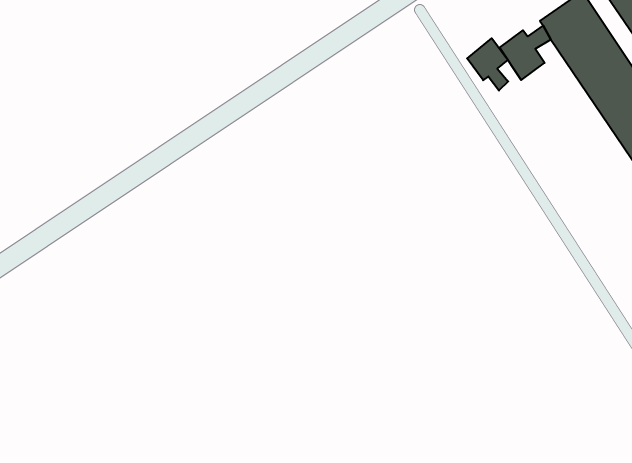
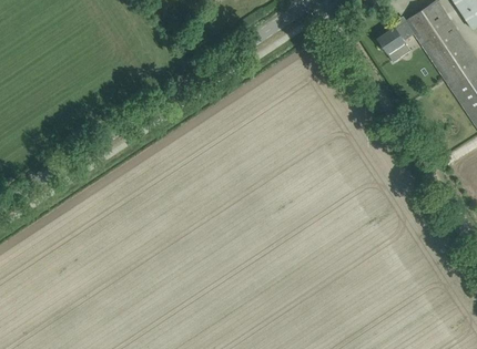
building: [467,38,508,91] -> none

